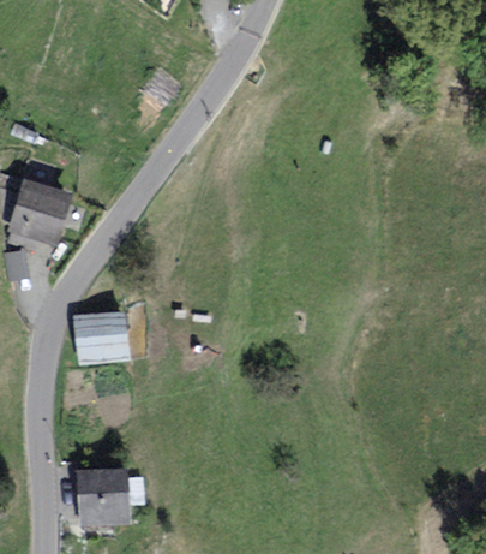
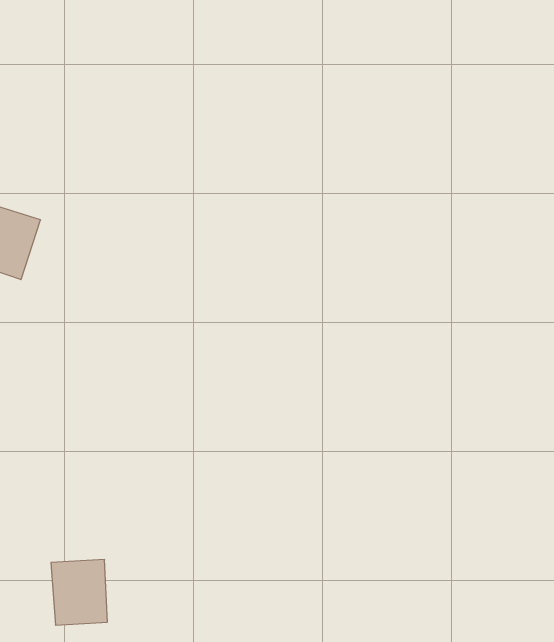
building: [76,315,121,363] -> none

